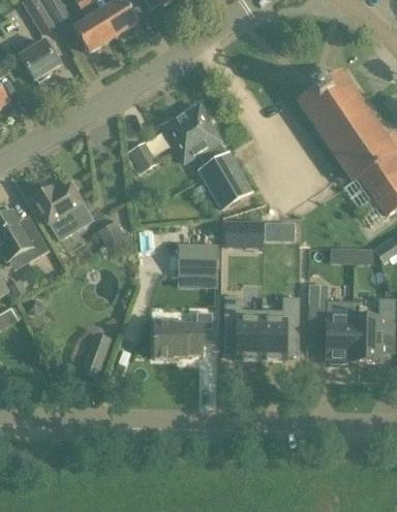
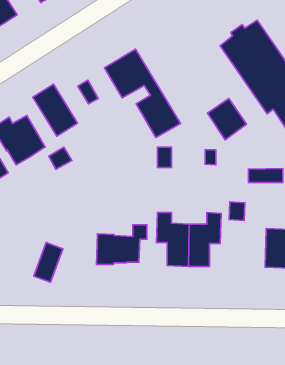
building: none -> [33,84,77,136]
building: none -> [208,98,247,140]
building: [177,245,217,275] -> none
building: [325,317,352,361] -> none

